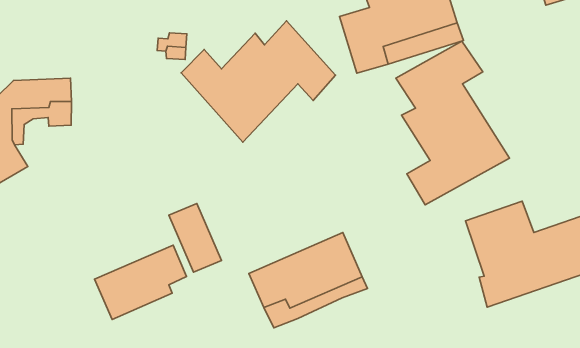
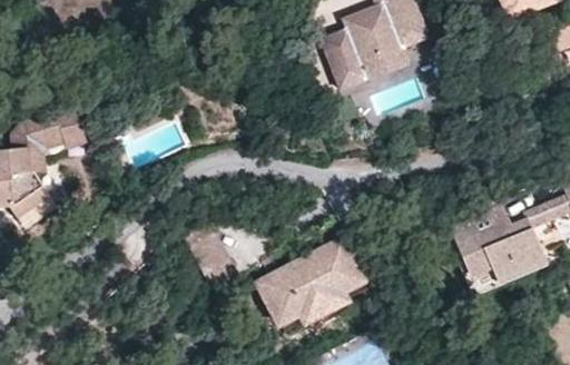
building: [181,21,335,142] -> none
building: [396,41,510,205] -> none
building: [95,245,186,319] -> none

